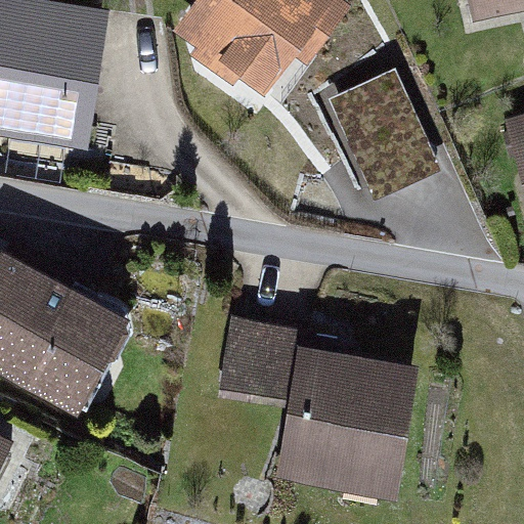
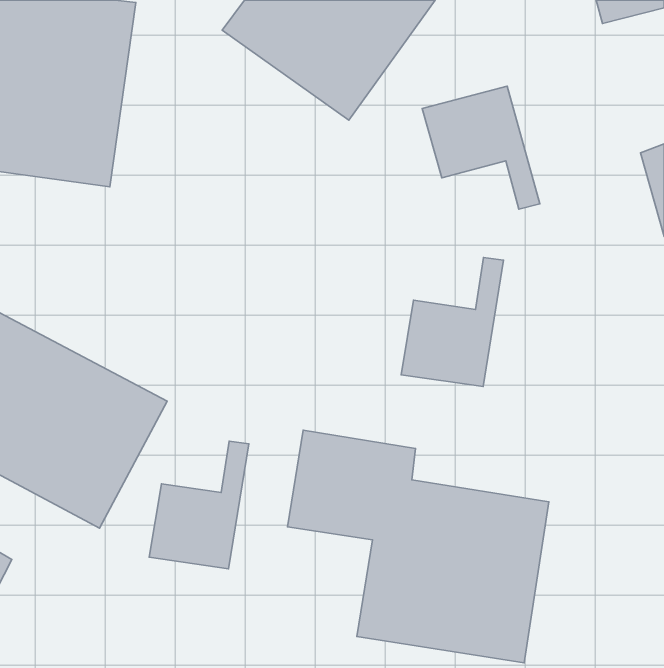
building: none -> [401,258,504,387]
building: none -> [149,441,249,569]

